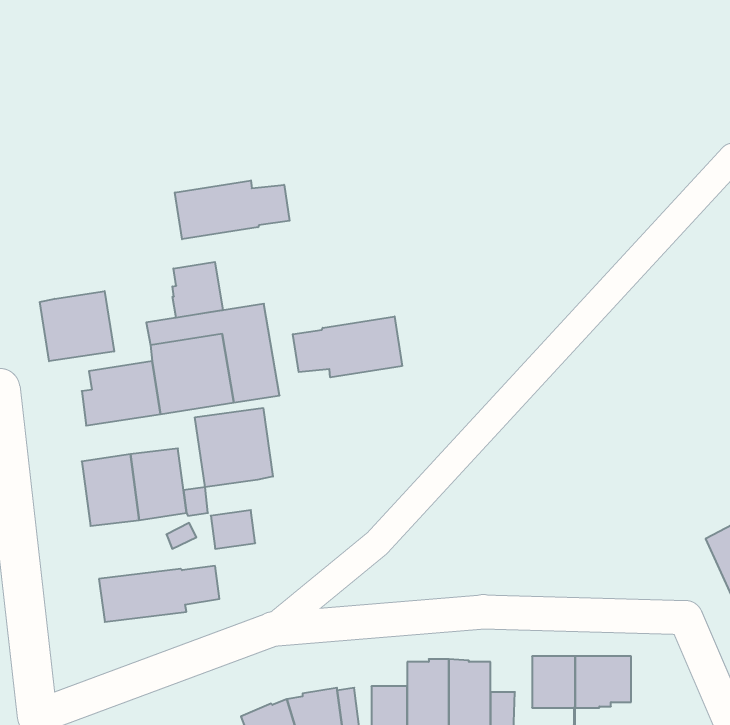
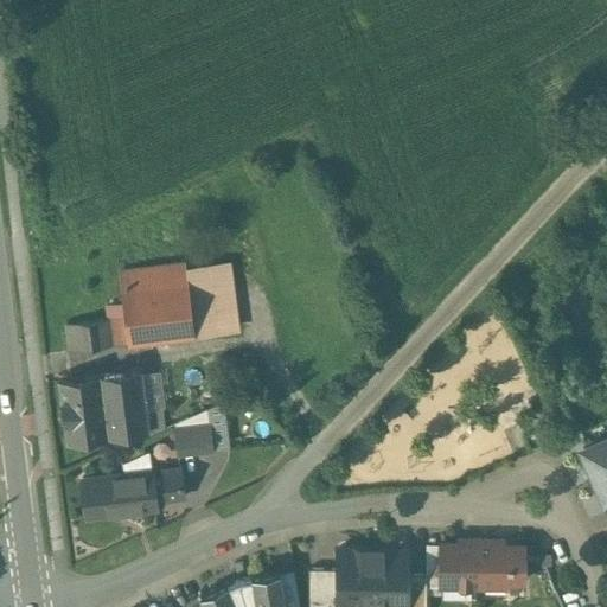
building: [175,180,290,239] -> none
building: [172,262,223,318] -> none
building: [40,291,114,361] -> none
building: [293,316,402,377] -> none
building: [195,408,273,487] -> none

